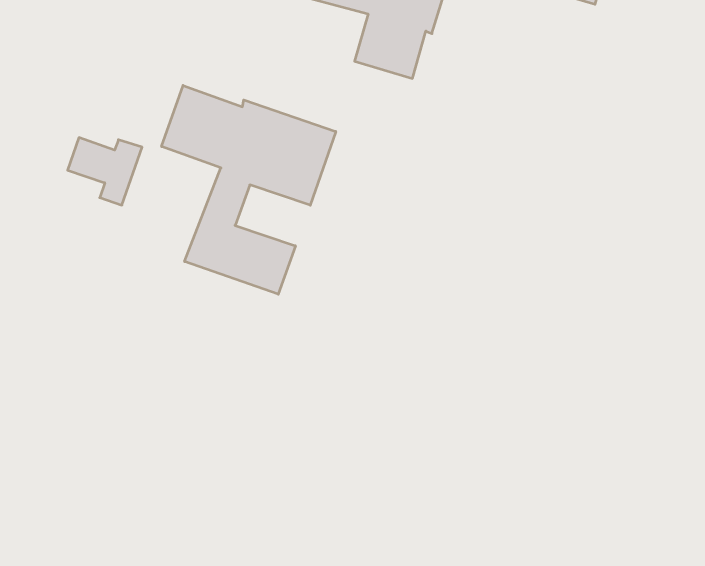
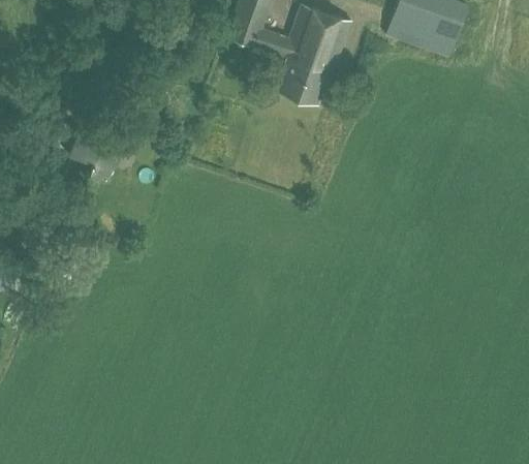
building: [162,85,336,294] -> none

